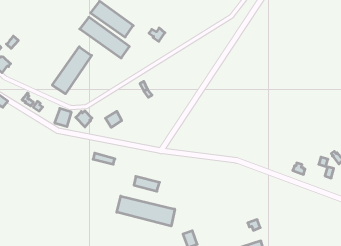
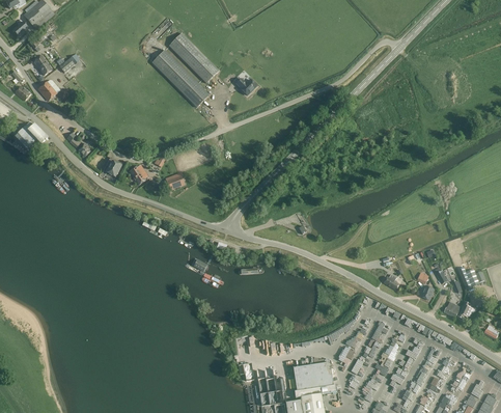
building: [52,47,92,94] -> none
building: [117,196,175,226] -> none

